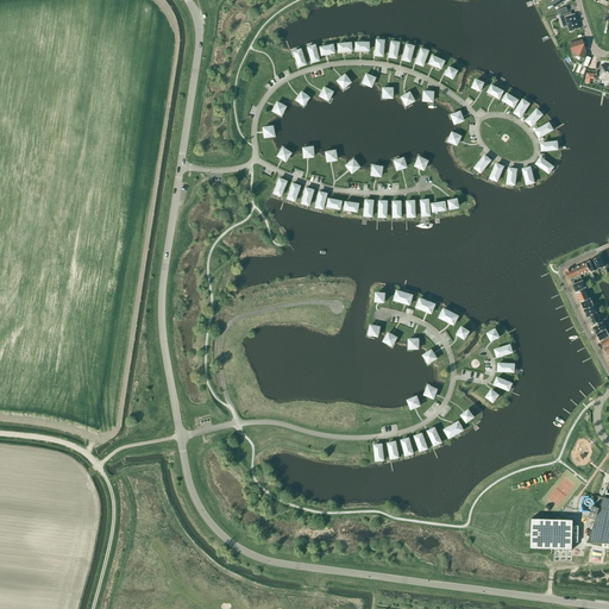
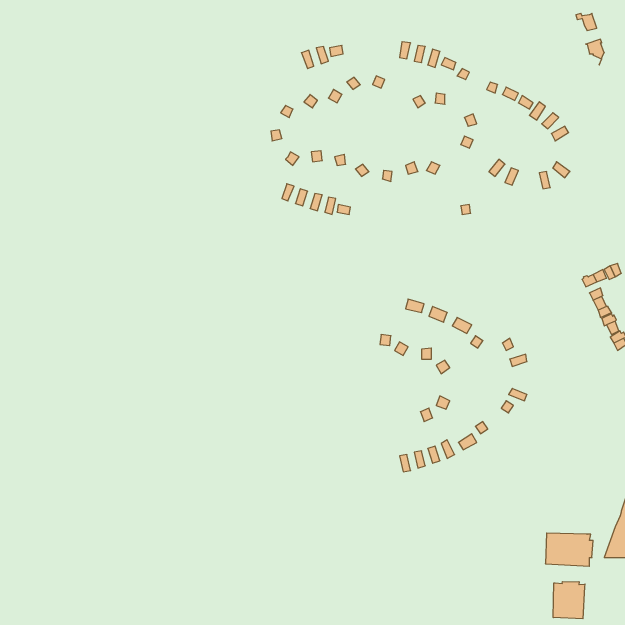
building: none -> [553,582,585,619]

